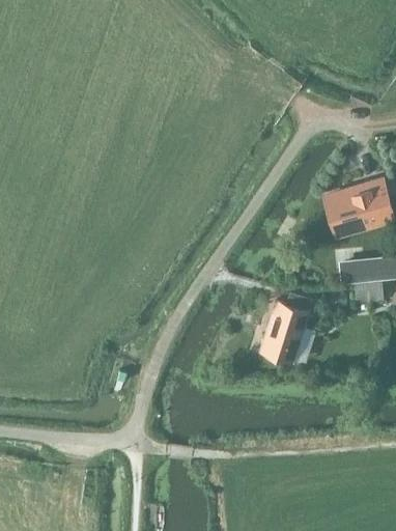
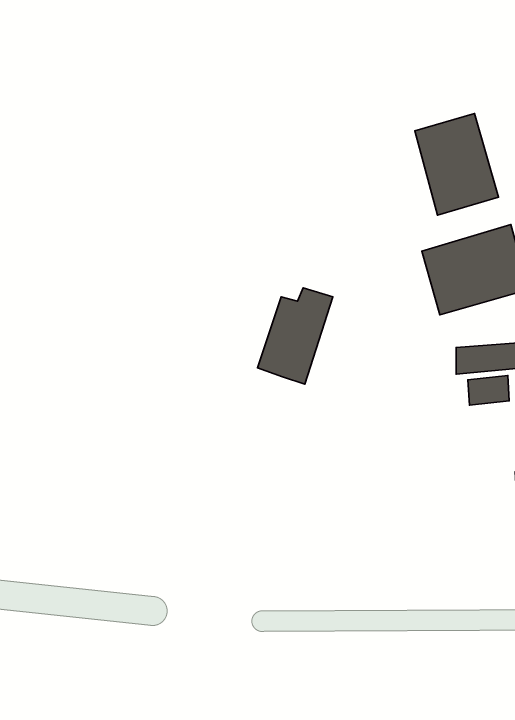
building: none -> [415,114,498,215]
building: [258,295,311,362] -> [257,288,333,384]

